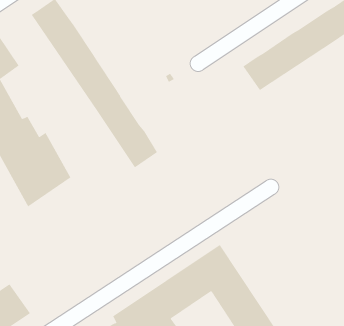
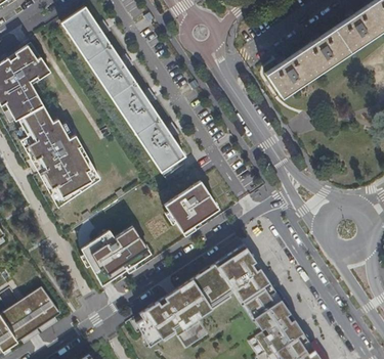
building: none -> [165,180,220,231]
building: none -> [82,224,153,284]

